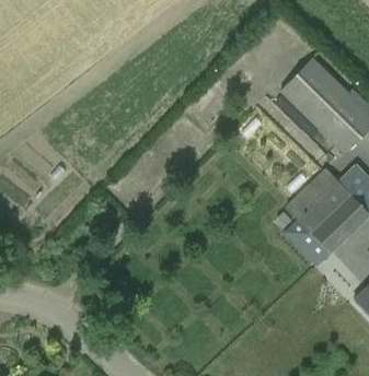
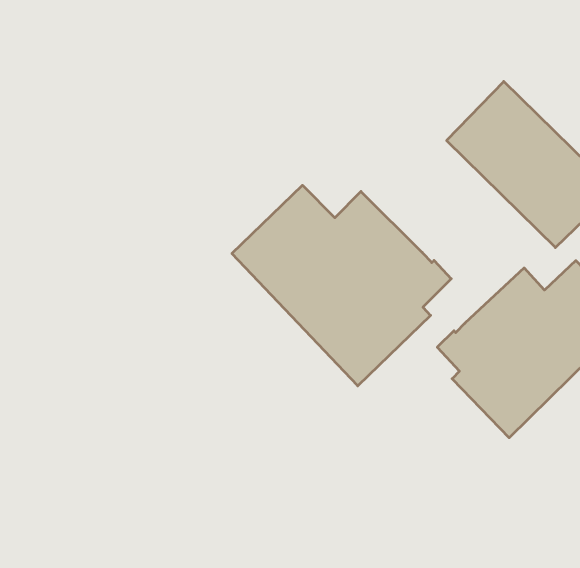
building: none -> [232,185,451,386]

